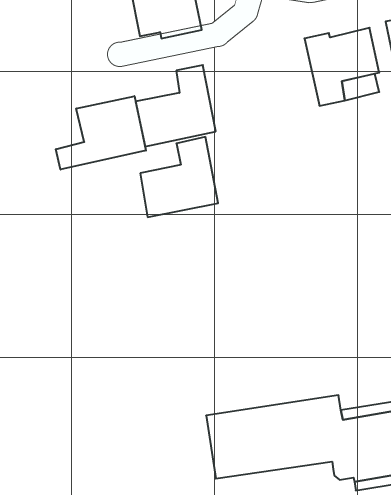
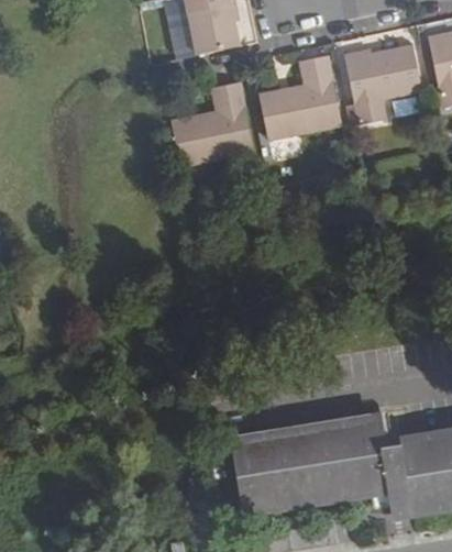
building: [56,96,146,170] -> none
building: [140,137,218,217] -> [261,55,341,137]
building: none -> [233,413,379,516]

